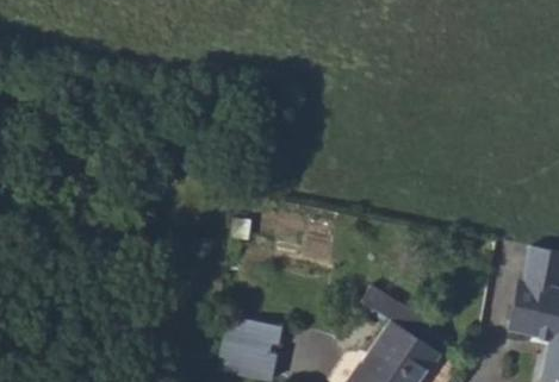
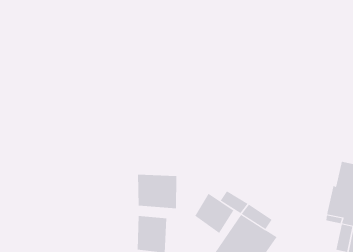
building: none -> [137,174,177,209]
building: none -> [195,193,234,234]

